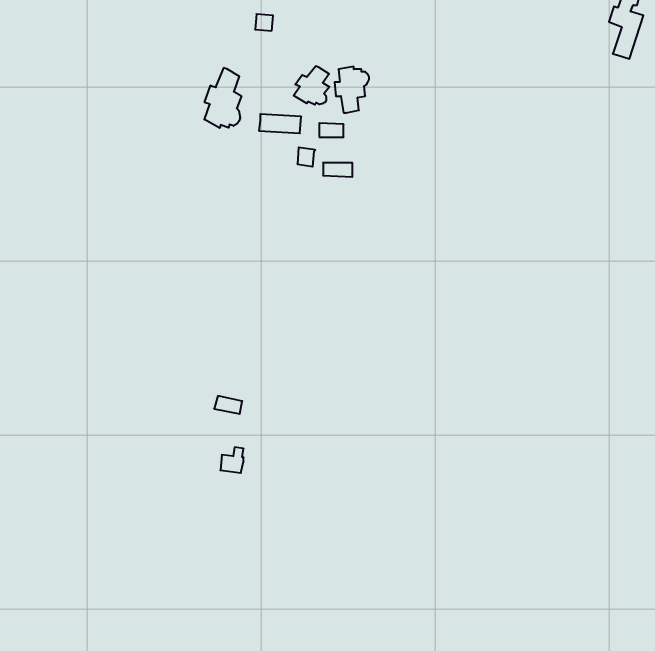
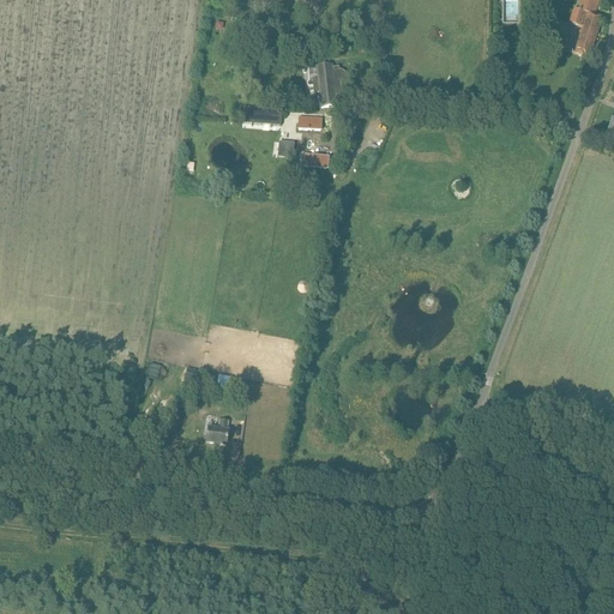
building: [294,66,329,105] -> none
building: [204,68,241,128] -> none

